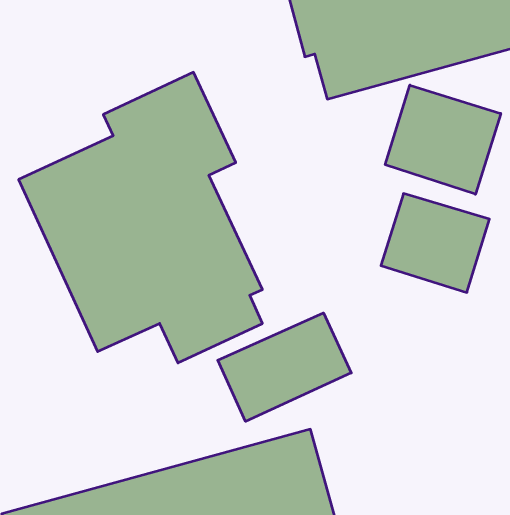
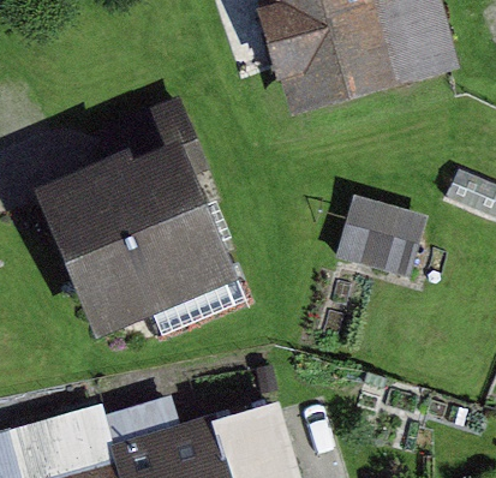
building: [385,85,501,194] -> none
building: [218,313,351,421] -> none

